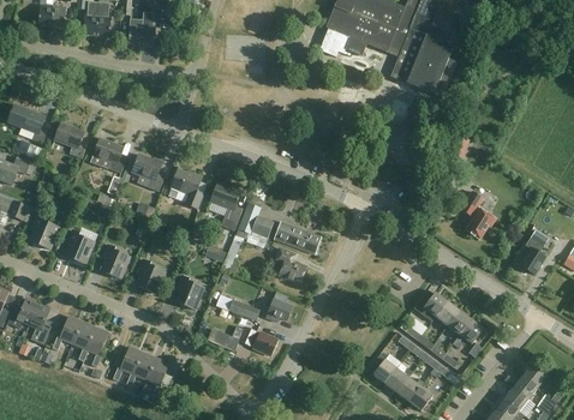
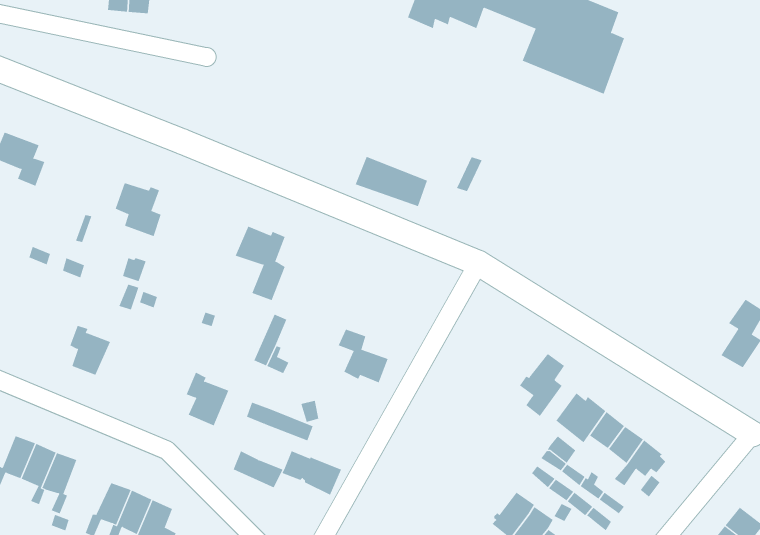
building: [91,137,126,173] -> none
building: [169,170,203,208] -> none
building: [460,190,496,238] -> none
building: [239,204,274,238] -> none
building: [274,221,321,253] -> [355,156,428,207]
building: [67,230,94,264] -> none
building: [138,260,166,294] -> none
building: none -> [519,353,565,417]
building: [265,292,293,322] -> none

